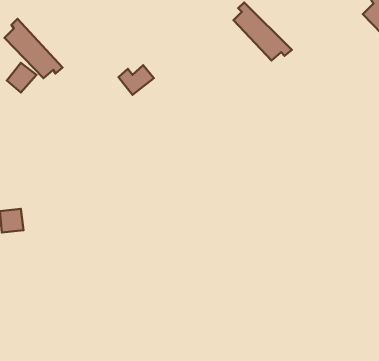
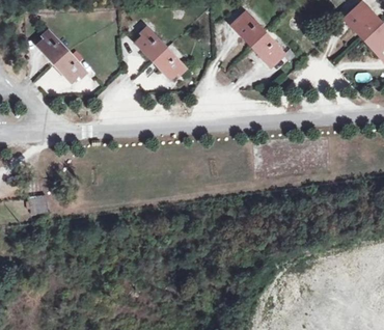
building: none -> [136,26,186,77]

